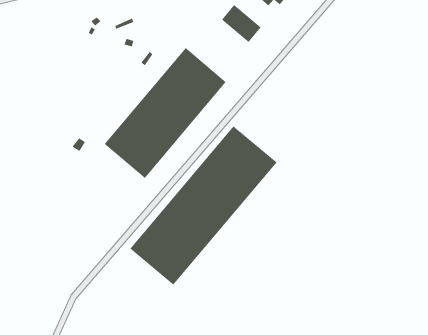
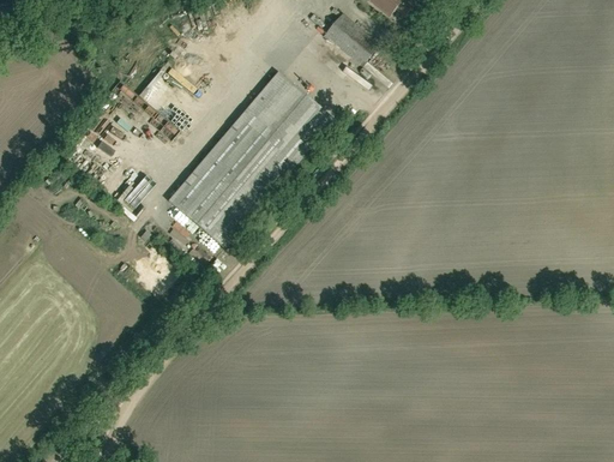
building: [129,125,277,285] -> none

